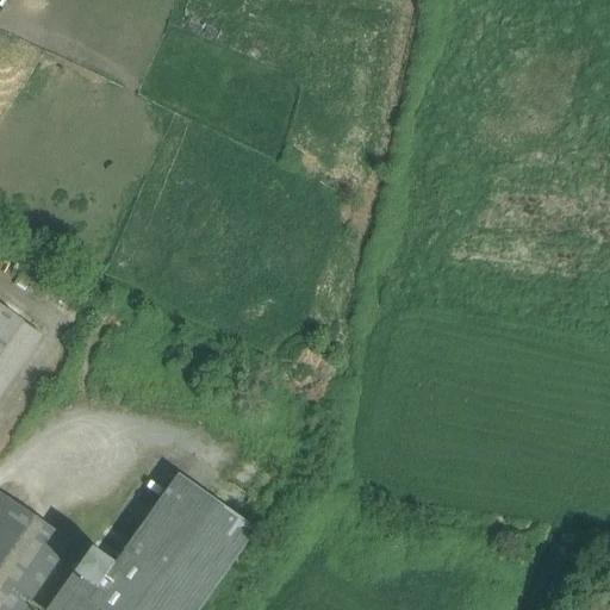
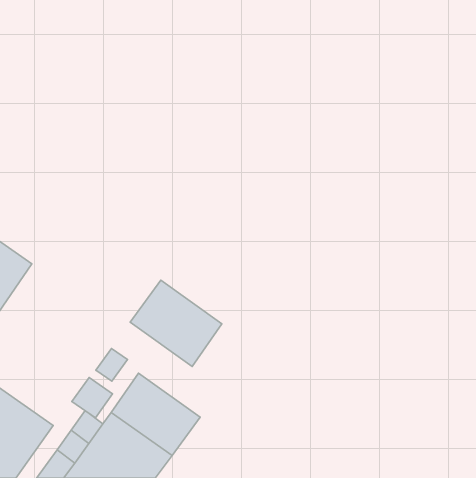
building: none -> [130,280,222,367]
building: none -> [96,349,127,381]
building: none -> [72,377,113,418]

